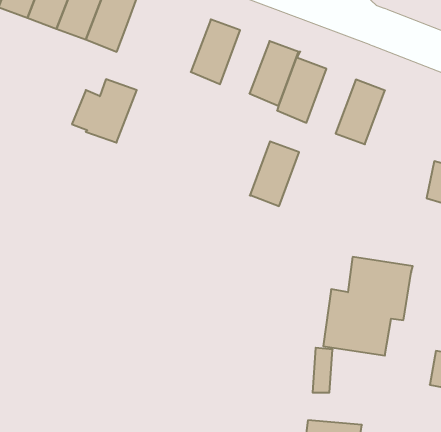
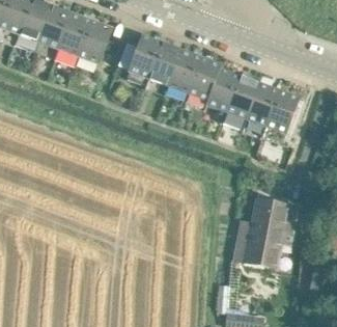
building: none -> [166,48,199,90]
building: [72,79,137,143] -> [116,33,160,76]
building: none -> [263,88,298,132]
building: [250,141,299,206] -> [224,74,257,117]

